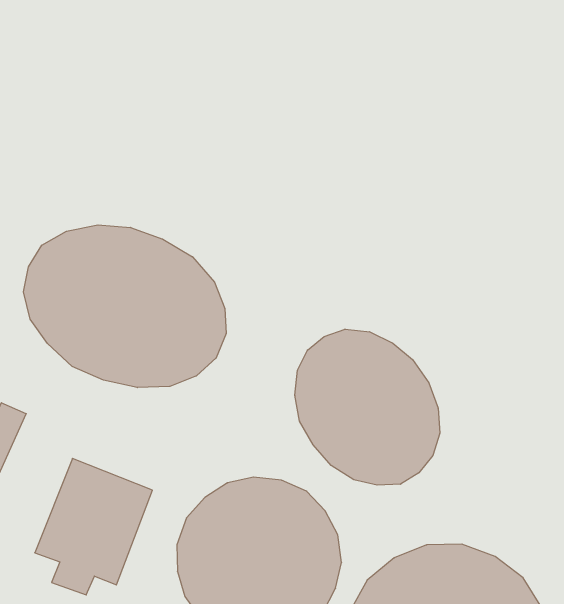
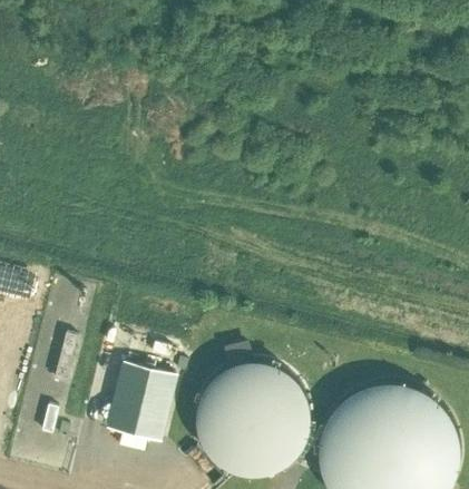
building: [23,225,226,388] -> none
building: [295,329,440,485] -> none

